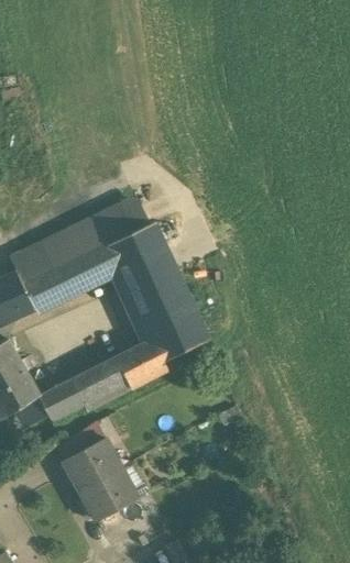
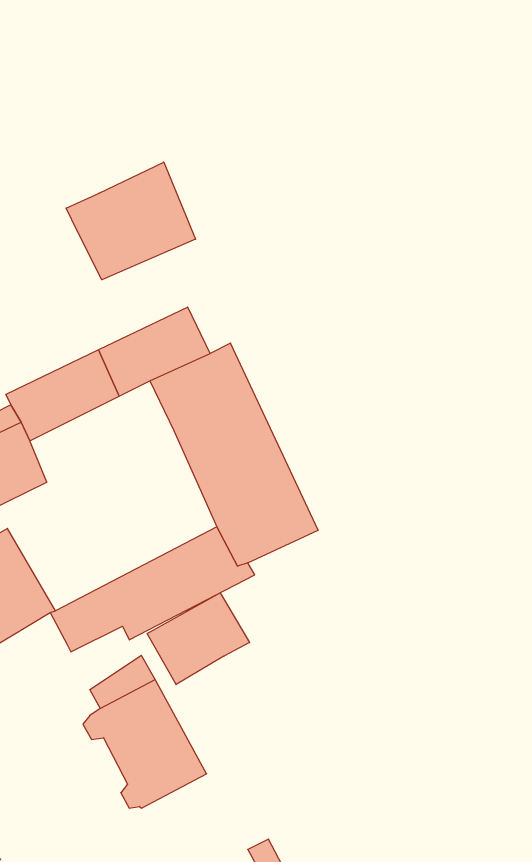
building: none -> [66,162,196,280]
building: [24,246,117,314] -> none
building: none -> [147,593,250,685]
building: [12,395,48,431] -> none

